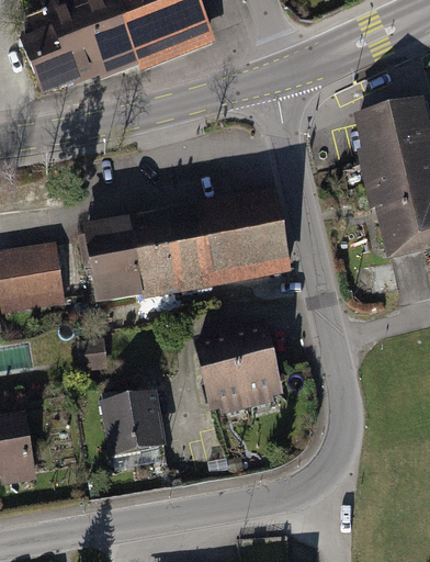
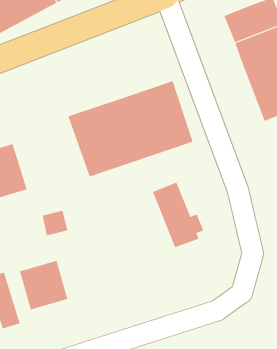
building: [79,215,146,308] -> none
building: [192,328,246,415] -> none
building: [102,390,161,450] -> [19,260,68,310]

